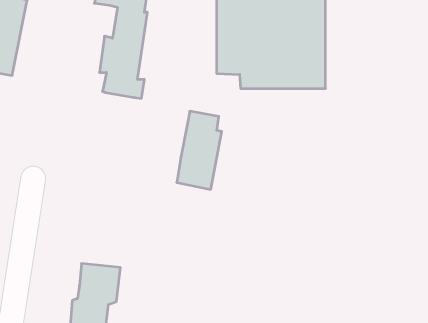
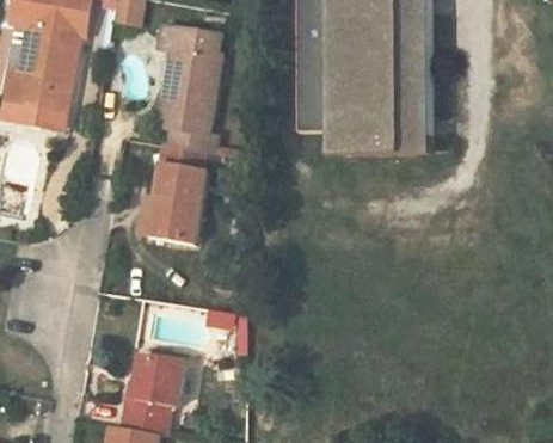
building: [177,111,222,189] -> [150,150,204,244]

